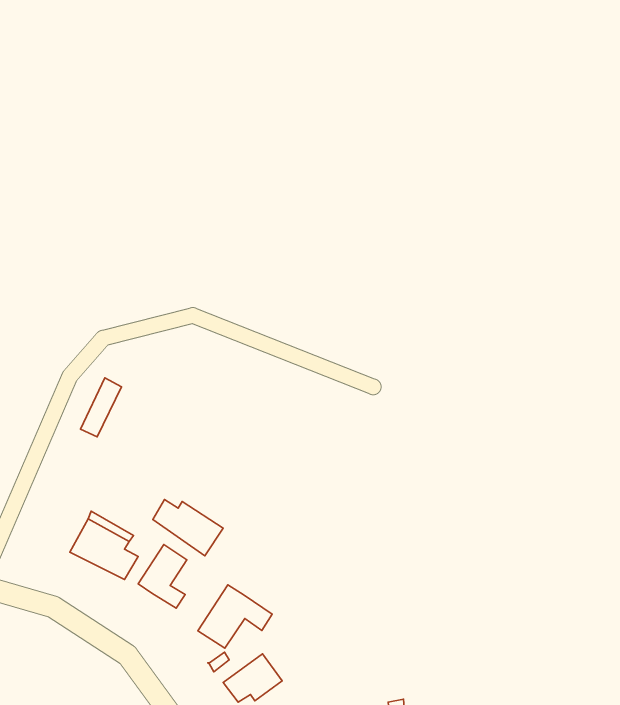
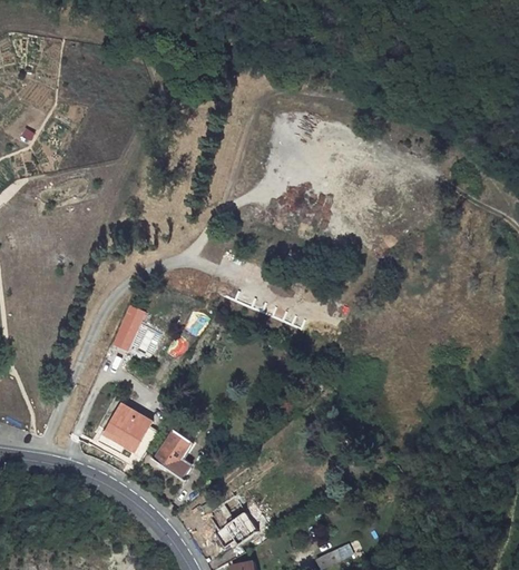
building: [153,499,223,556] -> none
building: [198,585,272,648] -> none

